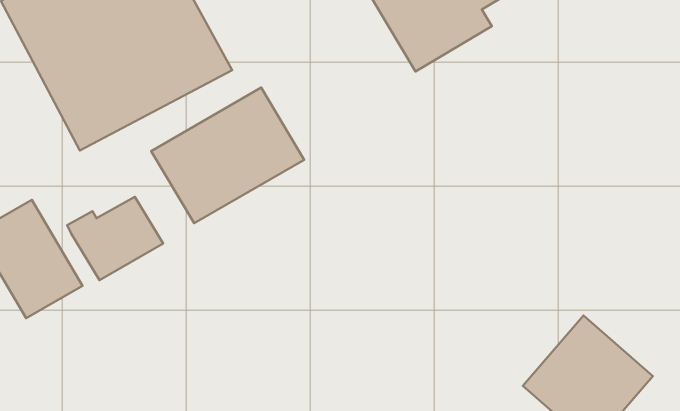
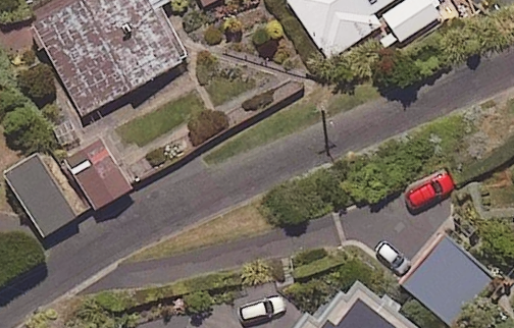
building: [151,87,304,223] -> none

